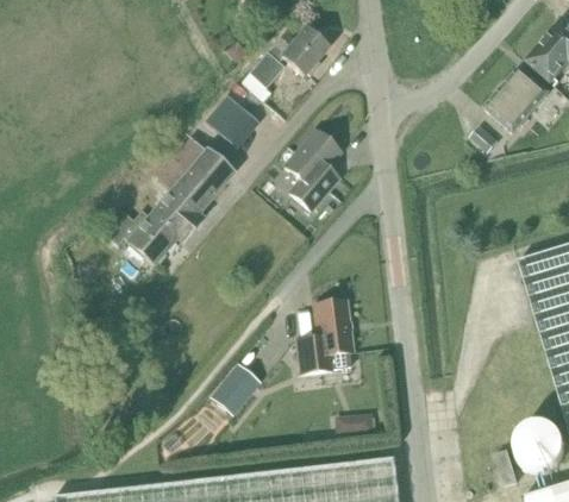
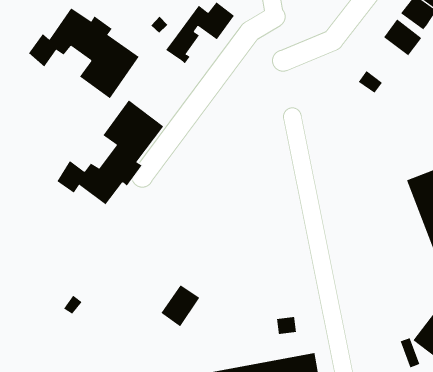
building: none -> [28,8,139,99]
building: [486,87,532,133] -> none
building: [205,95,252,143] -> none
building: [286,130,340,211] -> none
building: [295,300,354,374] -> none

